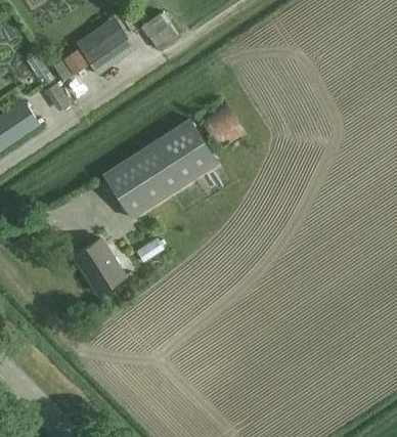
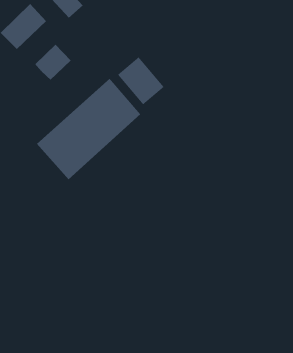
building: none -> [34,44,72,81]
building: [74,237,124,293] -> none

